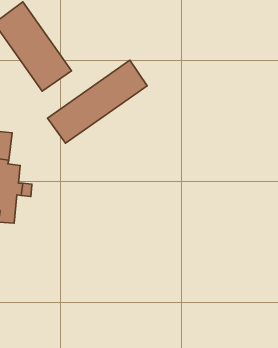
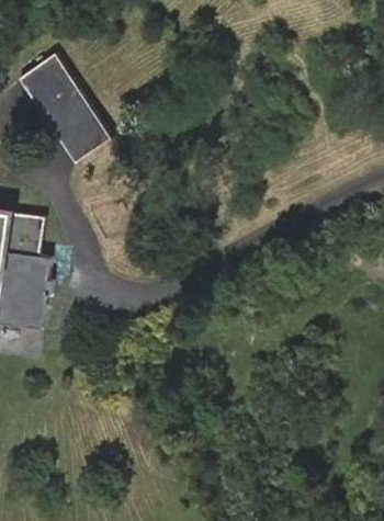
building: [47,60,147,143] -> none

